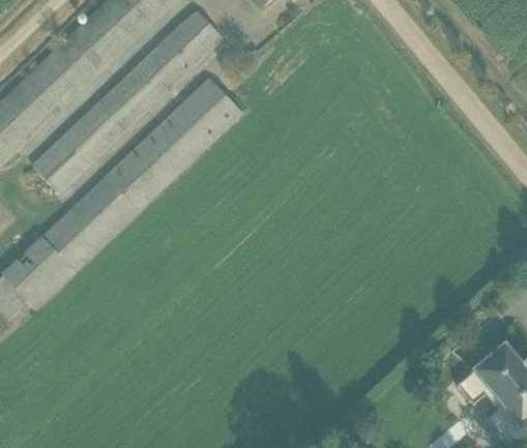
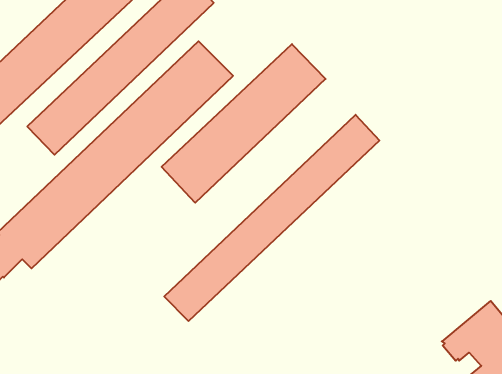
building: none -> [162,44,326,203]
building: none -> [164,115,379,321]

